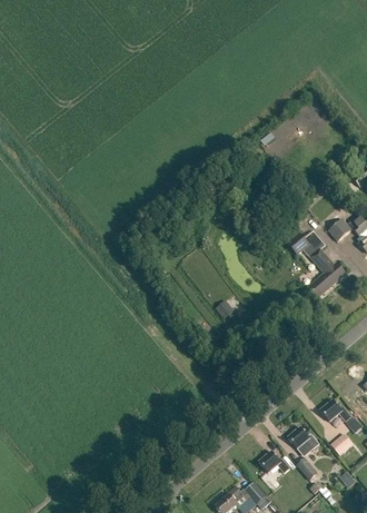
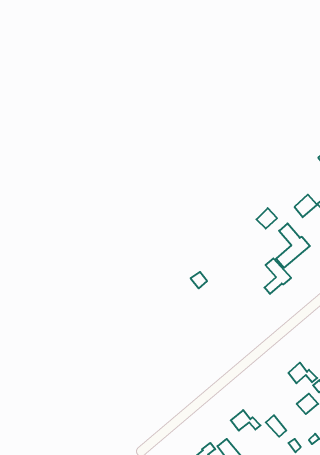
building: none -> [264,258,291,294]
building: [289,426,319,456] -> none

